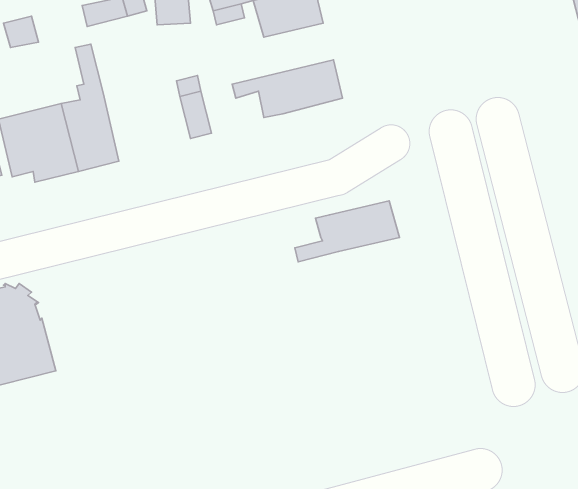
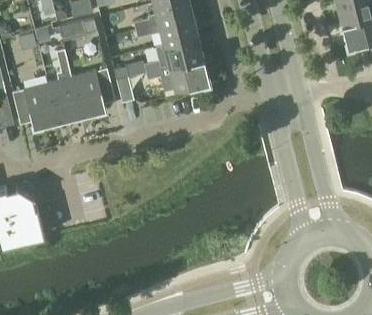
building: none -> [72,69,115,117]
building: [295,201,400,262] -> [144,38,204,73]

